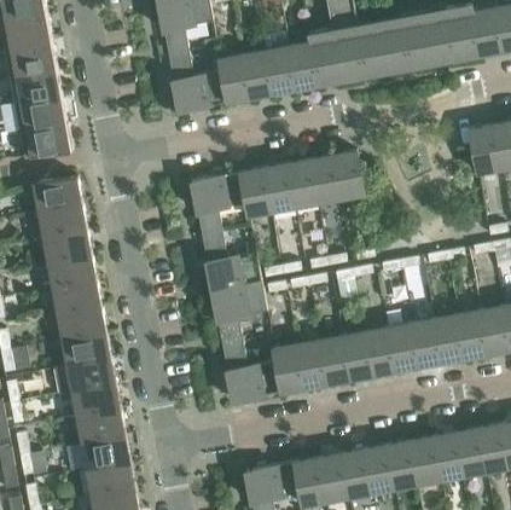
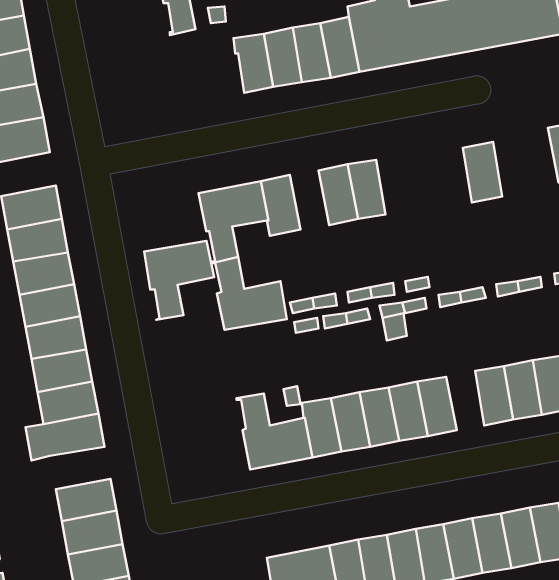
building: [167,52,226,112] -> none
building: [331,151,362,199] -> [463,142,502,203]
building: [262,164,294,211] -> none
building: [210,283,266,346] -> [144,241,214,320]
building: [387,324,417,371] -> none
building: [71,384,120,418] -> none

